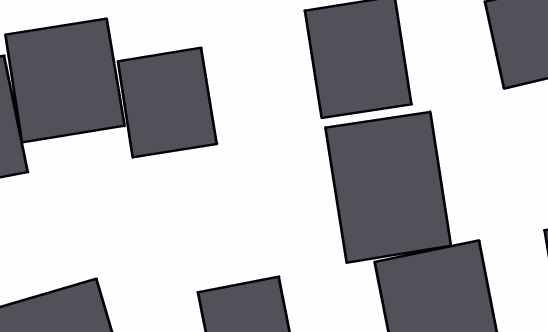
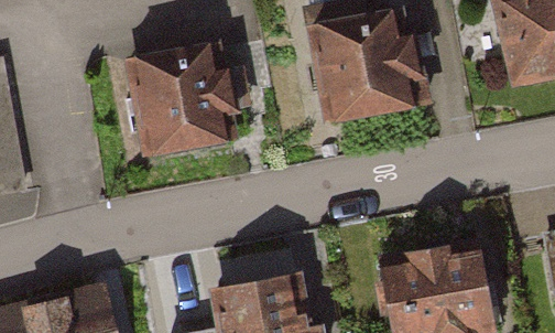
building: [6,19,124,142] -> none
building: [326,112,451,263] -> none

